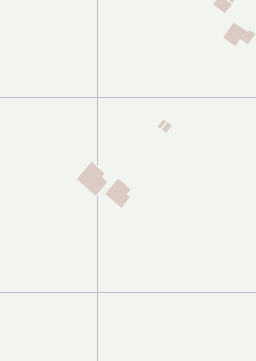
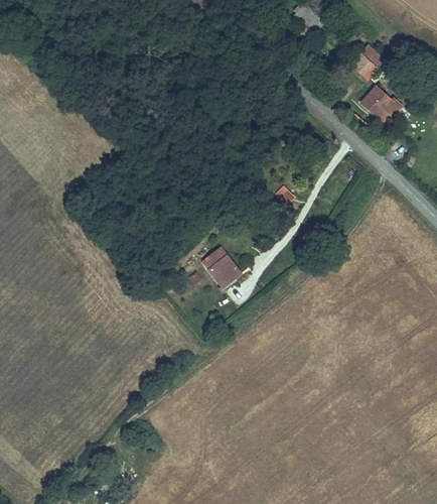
building: [76,161,108,197] -> none

